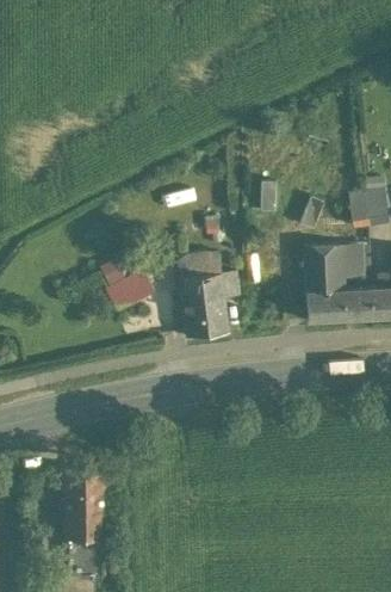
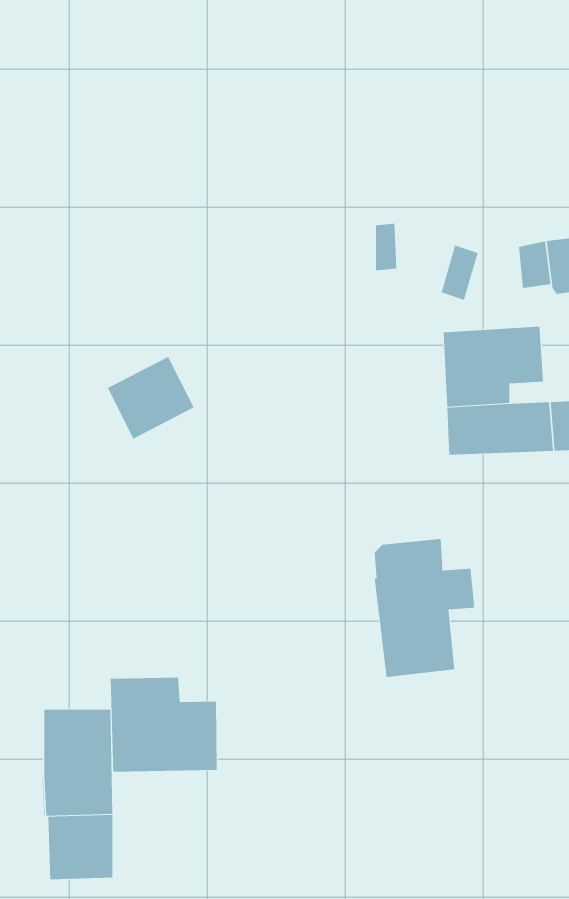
building: [180,253,241,337] -> [374,538,475,677]
building: none -> [110,677,217,772]

